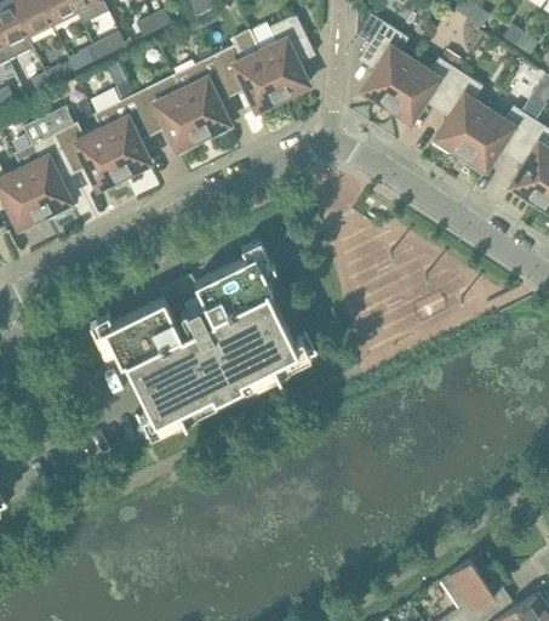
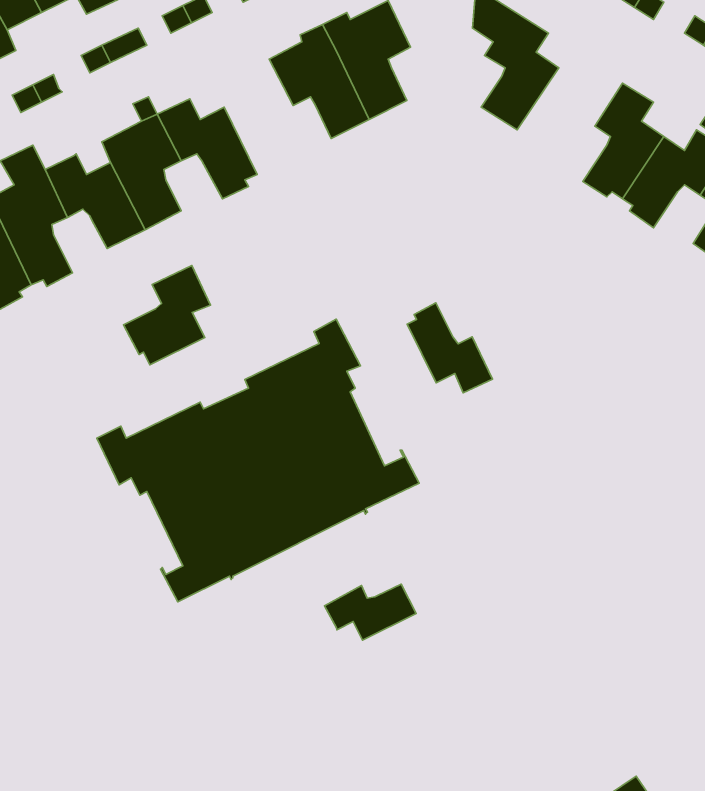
building: [172,56,230,137] -> none
building: [385,58,459,123] -> none
building: none -> [123,266,210,365]
building: none -> [407,303,493,393]
building: none -> [324,584,416,640]

